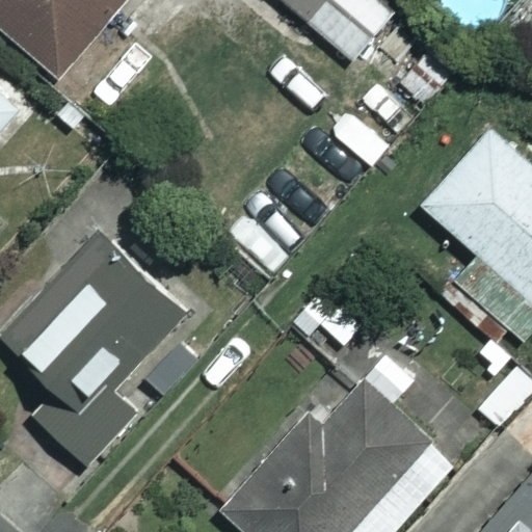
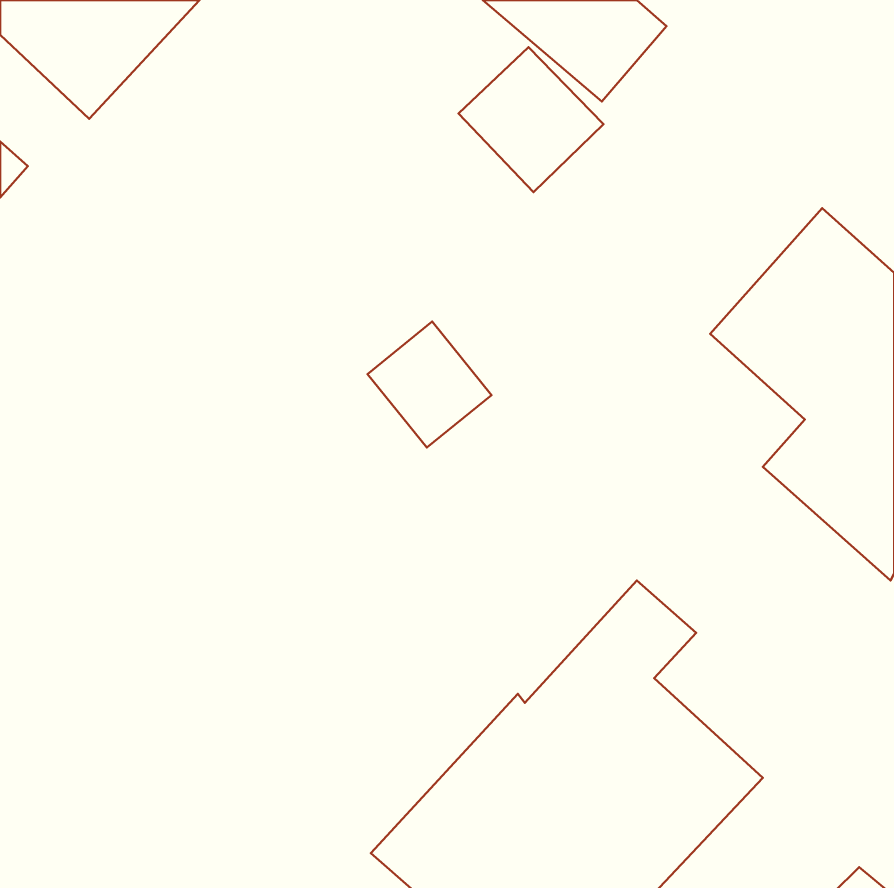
building: [15,240,188,466] -> none

